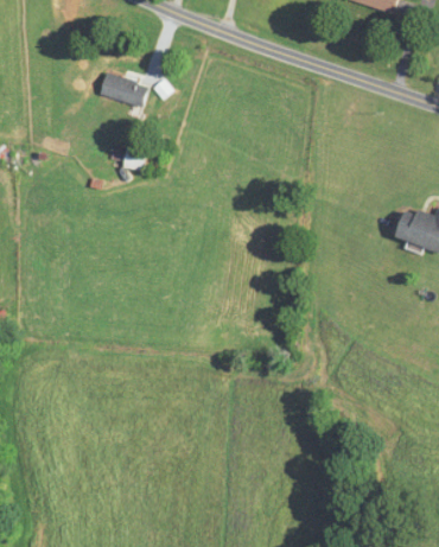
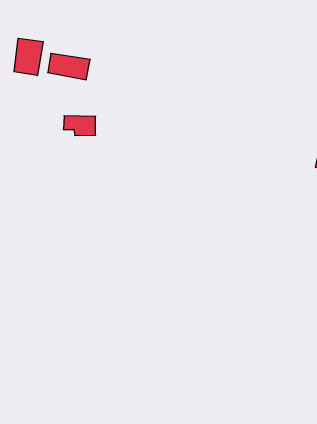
building: none -> [14,38,43,76]

